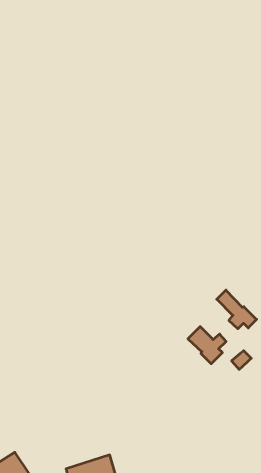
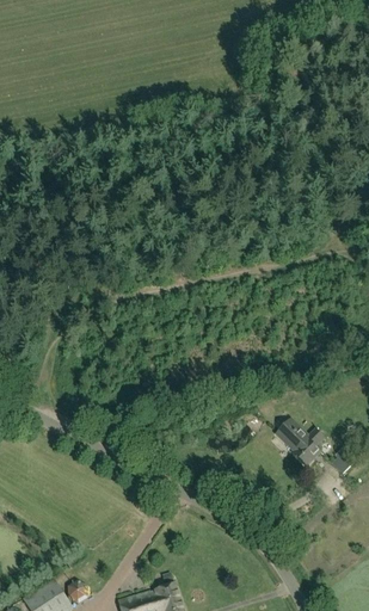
building: [217,290,257,329] -> none

